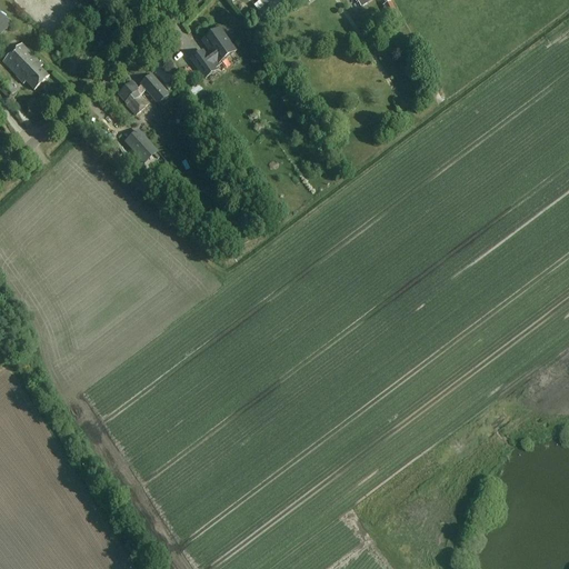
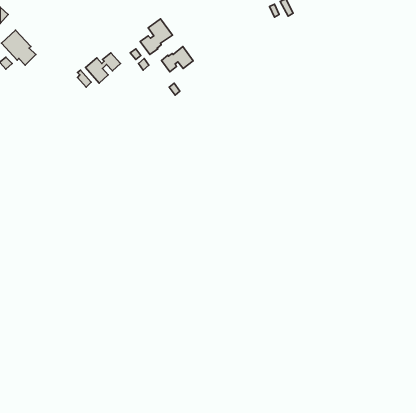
building: none -> [161,47,193,72]
building: [123,126,157,160] -> none

